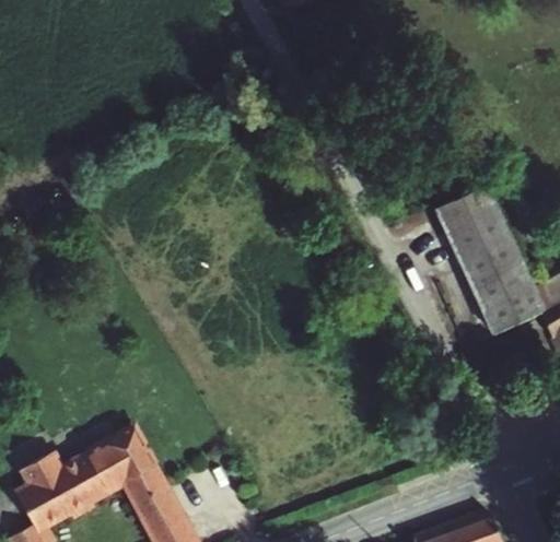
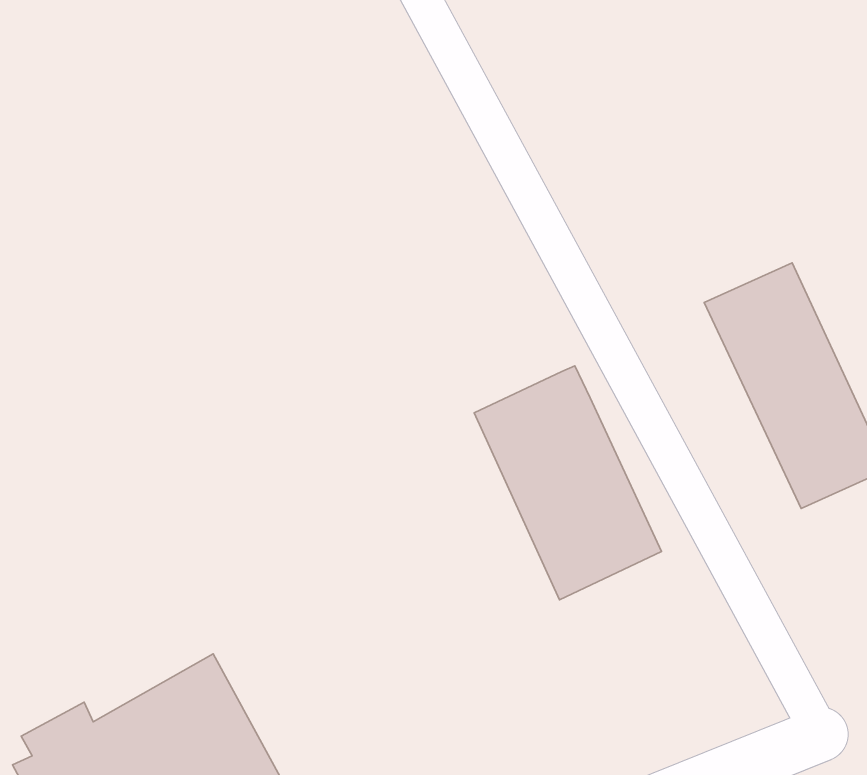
building: none -> [474,366,661,600]

